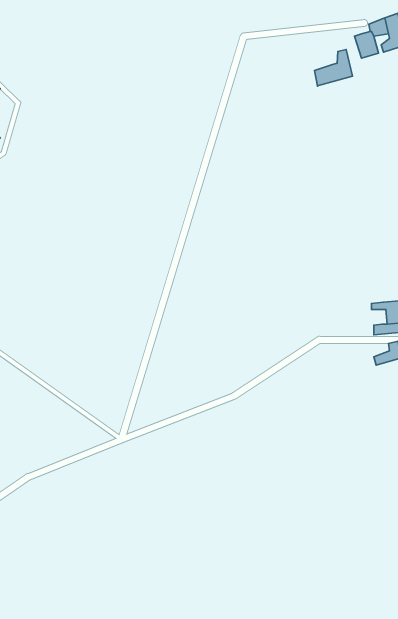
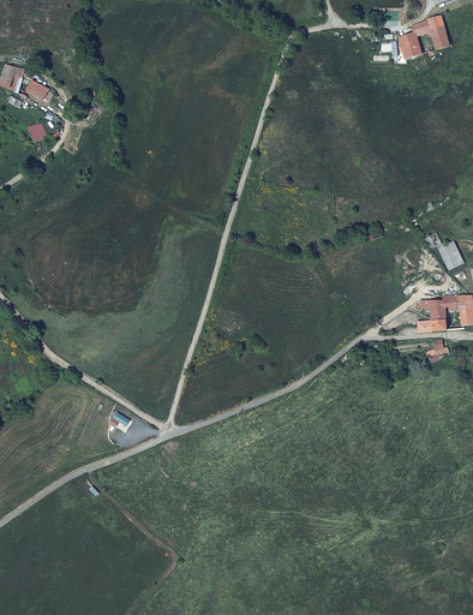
building: [314,50,353,86] -> none

